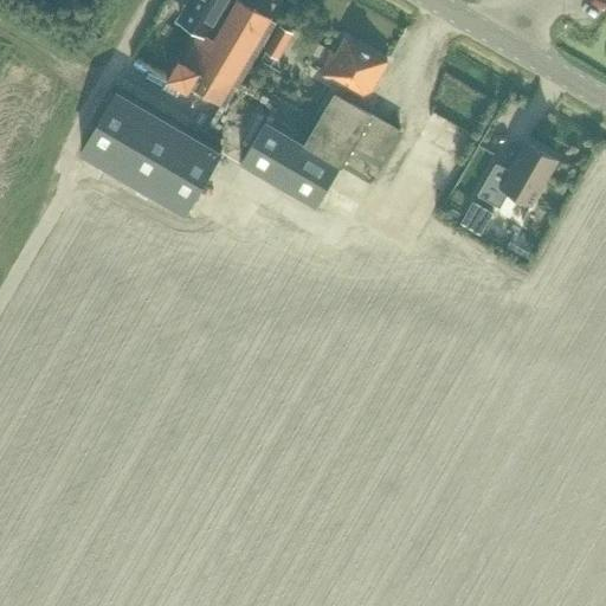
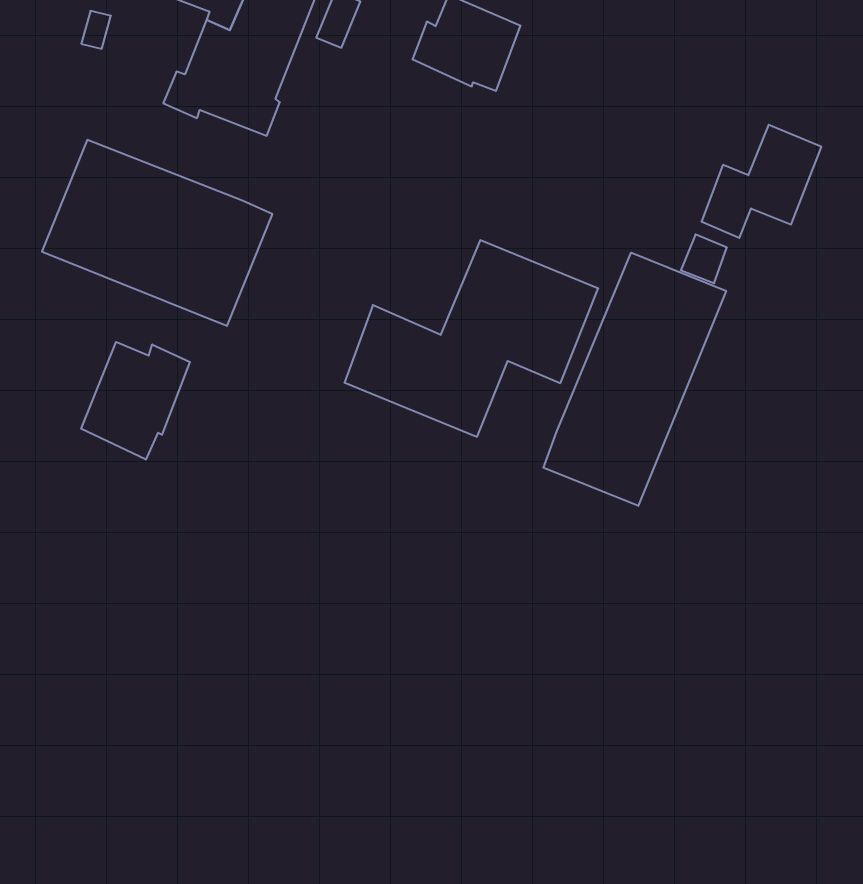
building: [240,92,400,209] -> [344,240,598,437]
building: none -> [543,253,726,506]
building: none -> [81,342,190,460]

